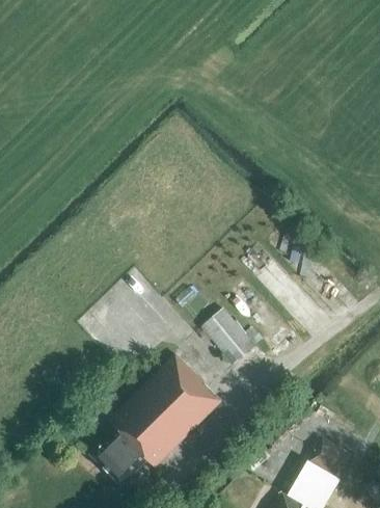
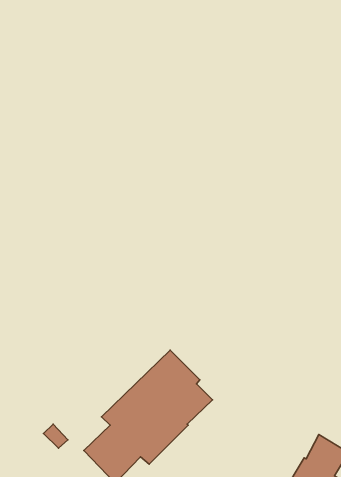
building: [202,310,256,366] -> none

